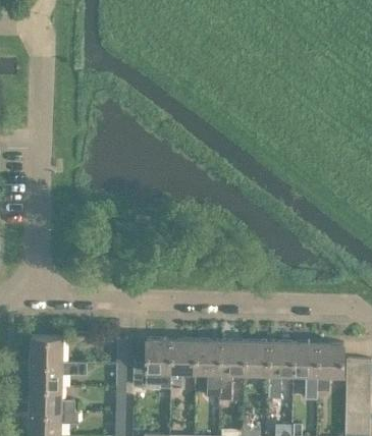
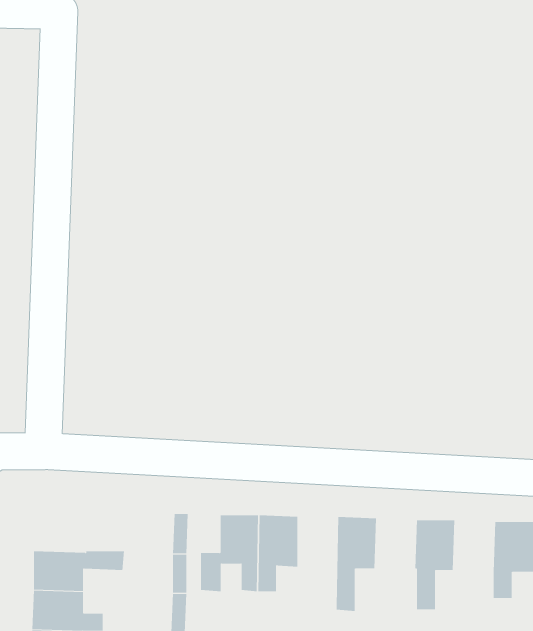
building: [30,336,62,363] -> none
building: [195,340,219,396] -> none
building: [243,341,268,373] -> none
building: [291,342,317,398] -> none

